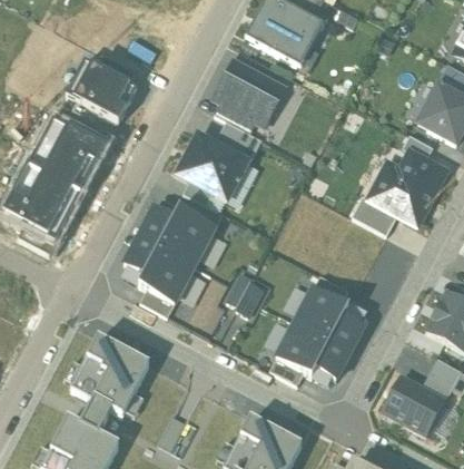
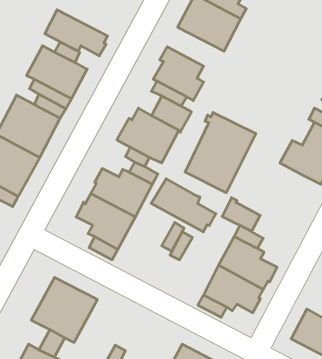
building: none -> [45,10,108,56]
building: none -> [185,112,256,193]
building: [352,194,397,234] -> [222,198,260,231]
building: none -> [151,179,216,232]

